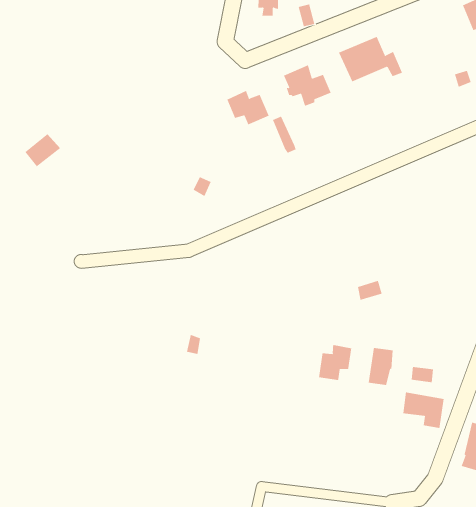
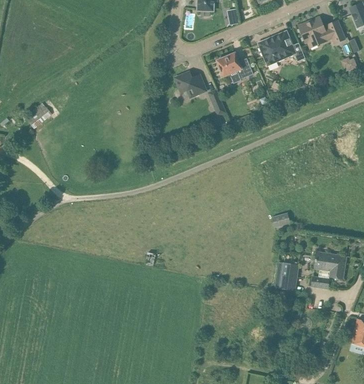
building: none -> [298,17,344,45]
building: [318,344,352,381] -> none
building: [403,392,444,428] -> [314,251,345,278]

